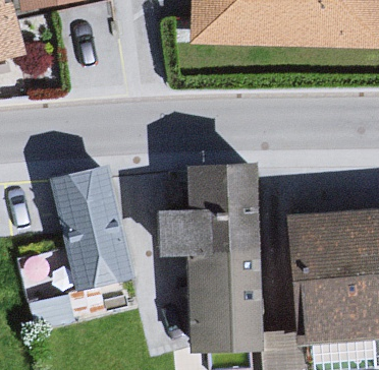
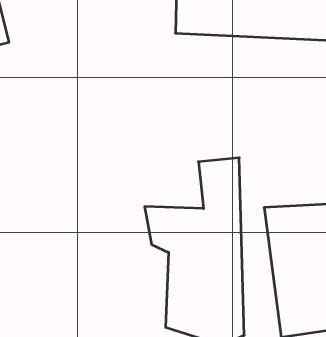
building: [47,166,136,293] -> none

